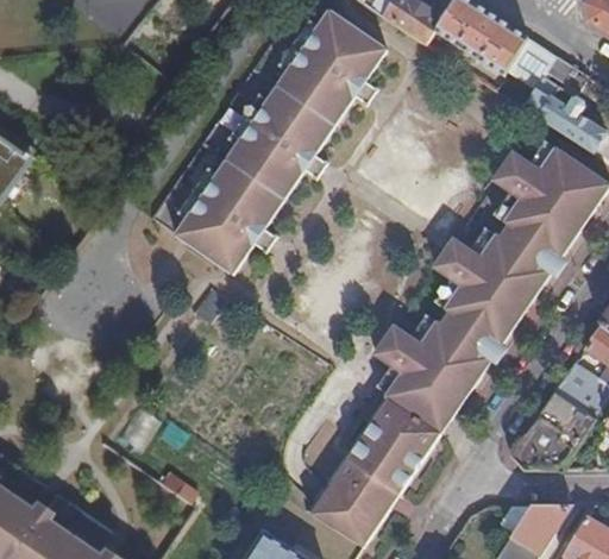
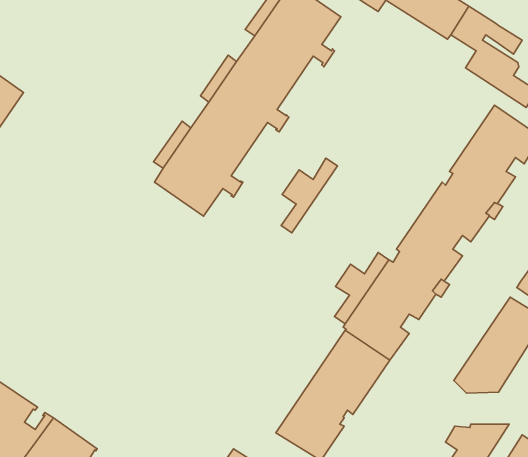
building: [494,142,555,224] -> none
building: [434,227,497,310] -> [281,158,338,233]

